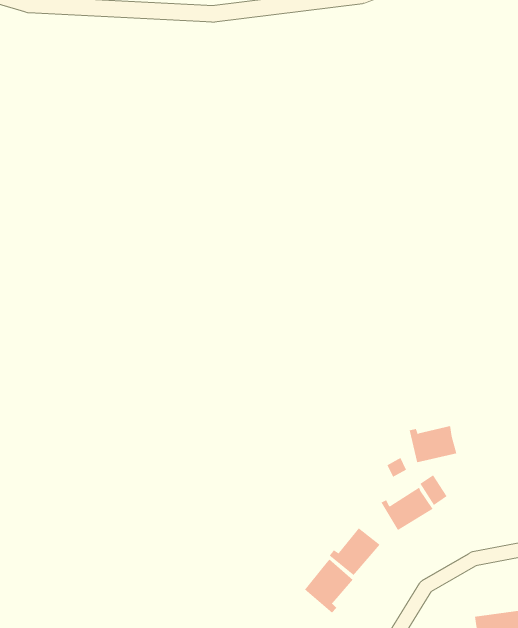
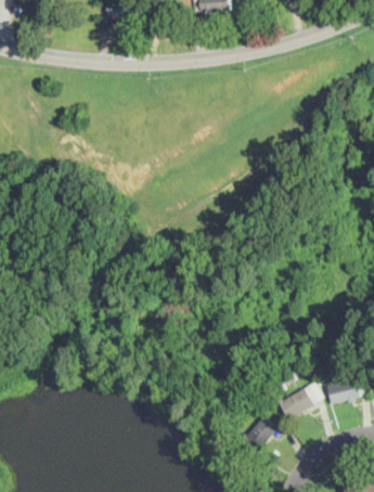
building: [409,425,457,463] -> [326,378,360,404]
building: [304,559,353,614] -> none

